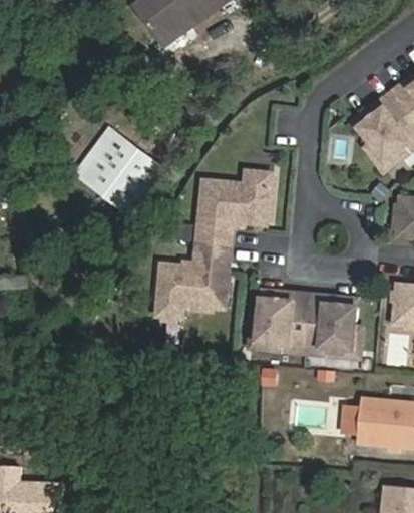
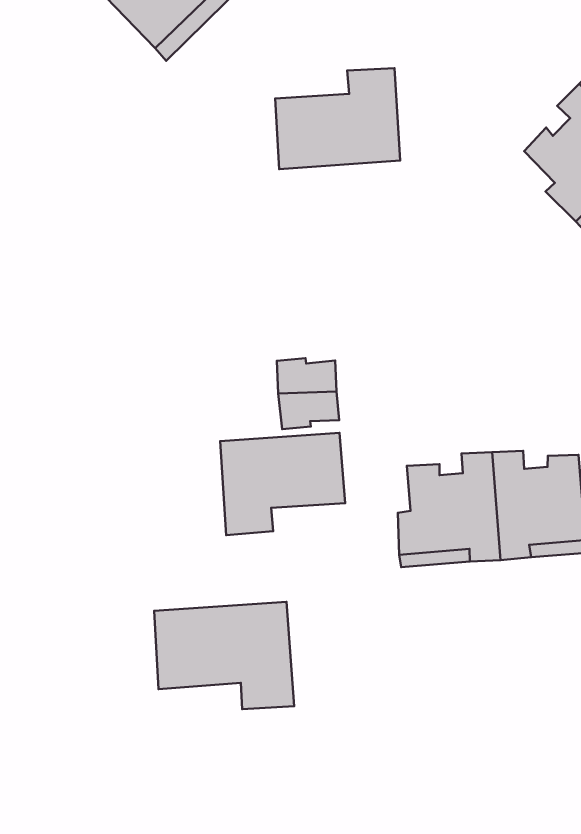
building: [80,126,167,209] -> none
building: [196,169,269,223] -> [275,68,400,169]
building: none -> [154,602,294,709]

